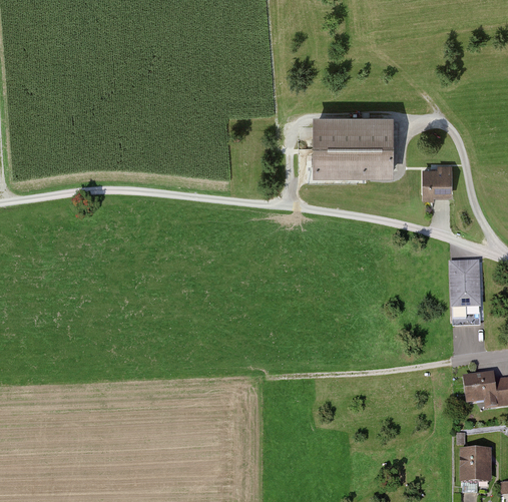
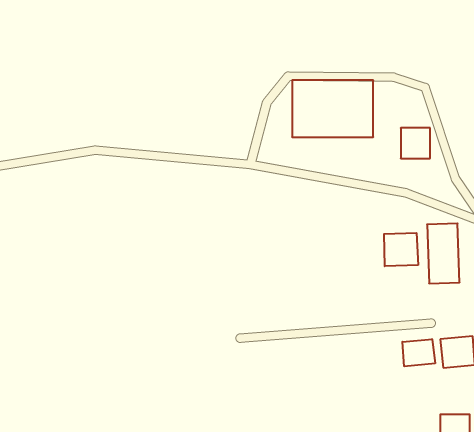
building: none -> [384,233,418,266]
building: none -> [402,339,435,366]

